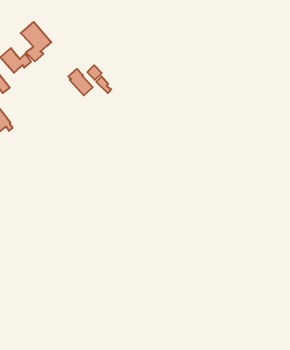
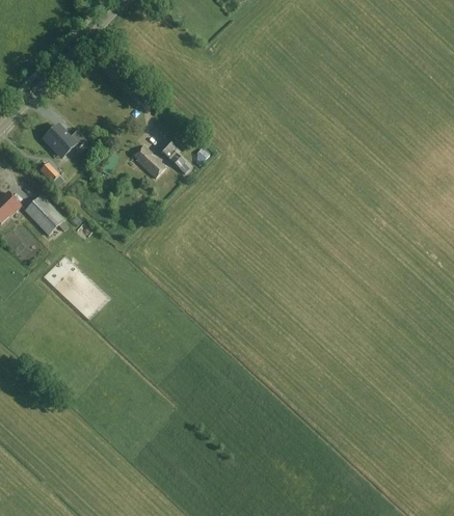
building: [21,22,51,61] -> none

